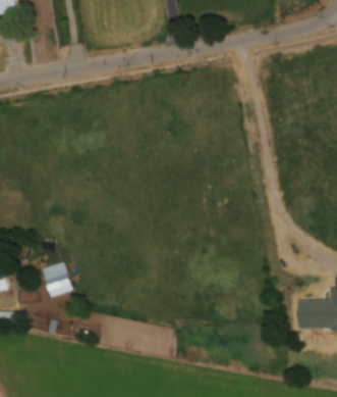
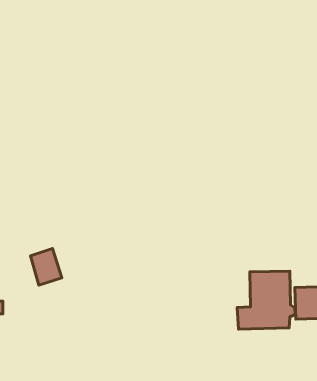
building: none -> [237,271,295,329]

